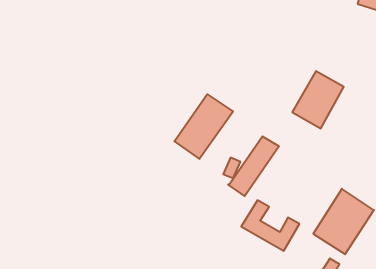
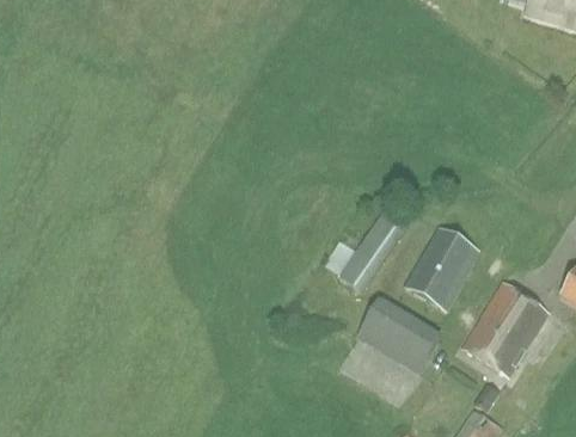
building: [292,71,344,128] -> [404,227,479,310]
building: [174,94,233,159] -> none

